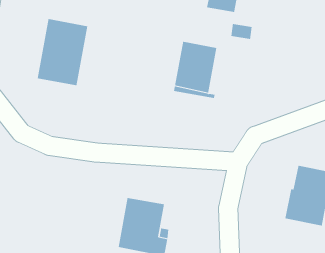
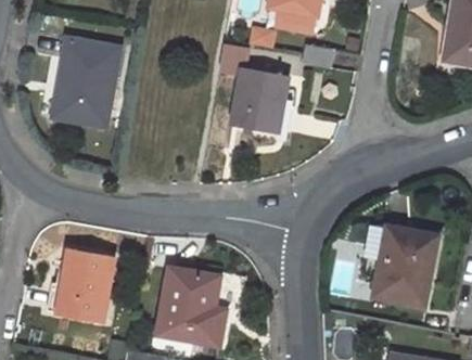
building: none -> [58,250,113,319]

